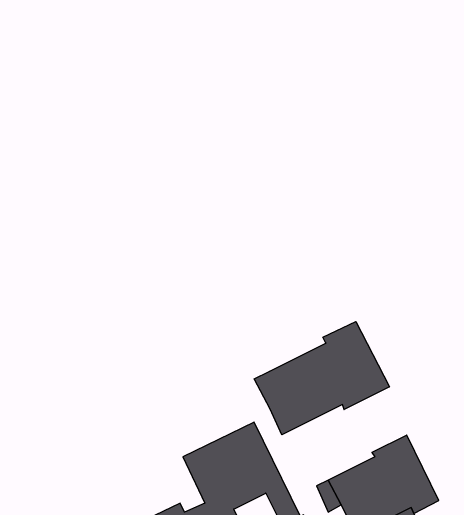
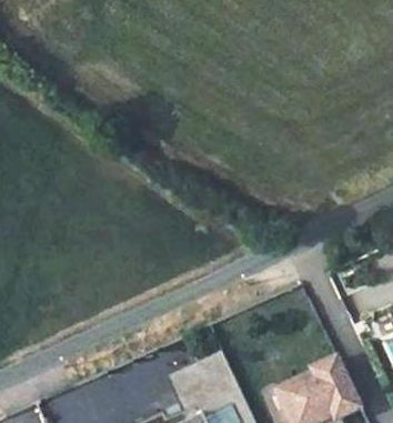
building: [254,322,389,435] -> none

